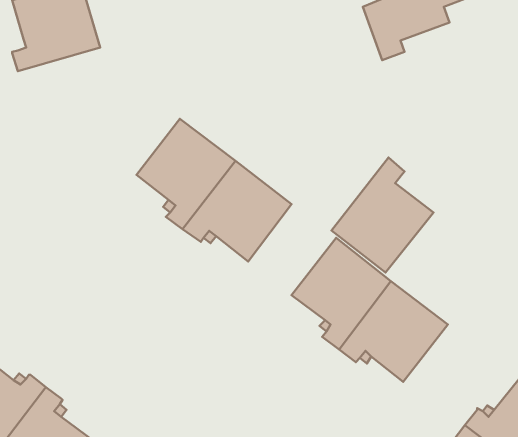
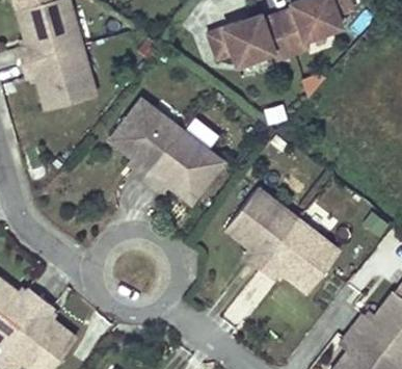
building: none -> [208,14,292,64]
building: none -> [21,45,96,110]
building: [332,157,433,273] -> none

